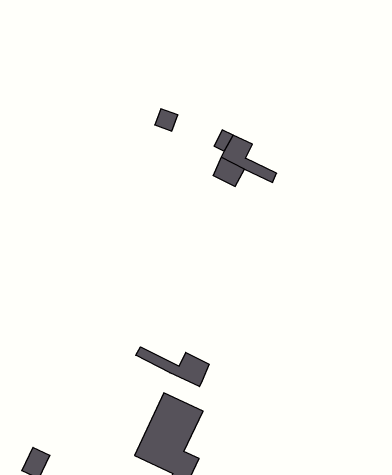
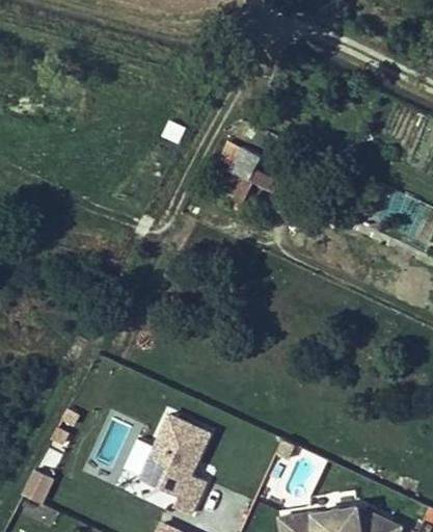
building: [136,347,209,387] -> none

